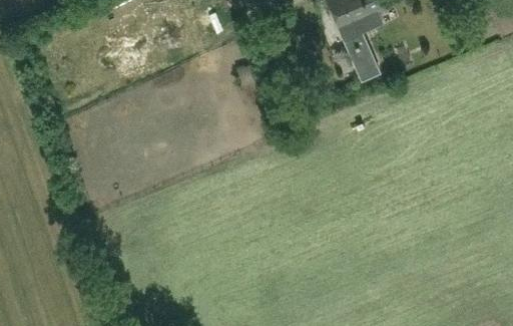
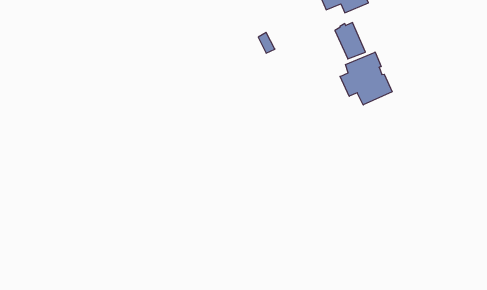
building: none -> [340,52,392,105]

